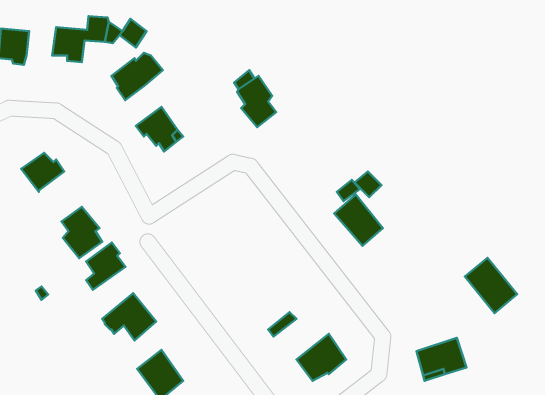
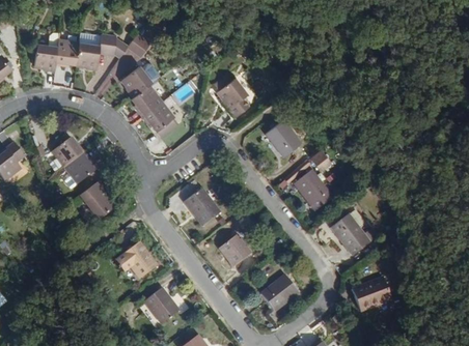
building: none -> [56,38,79,64]
building: none -> [132,85,160,116]
building: none -> [266,121,301,160]
building: none -> [184,190,219,226]
building: [86,242,125,290] -> [65,151,95,188]
building: [465,258,517,313] -> [332,213,373,256]
building: none -> [219,234,250,267]

